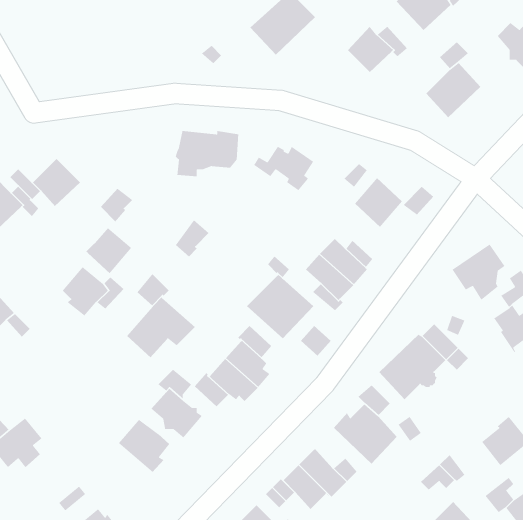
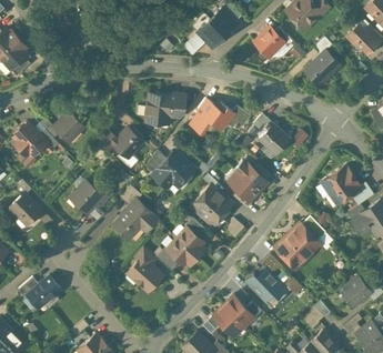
building: none -> [158,152,194,188]
building: [85,227,132,274] -> [112,128,142,158]
building: [118,419,170,473] -> none

